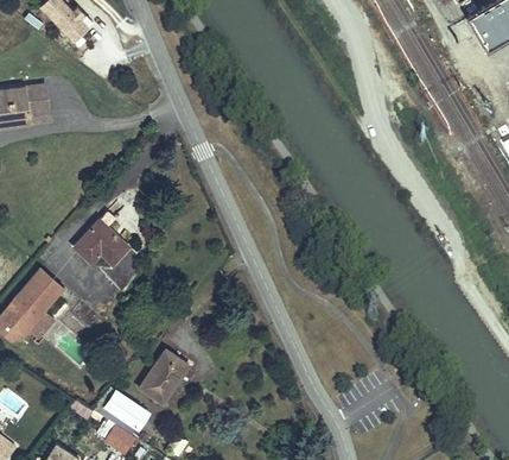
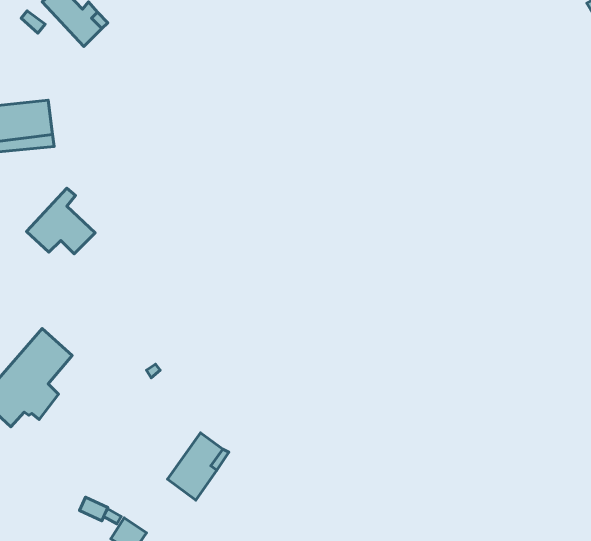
building: [75,213,129,265] -> [26,188,95,254]
building: [96,389,146,429] -> none

